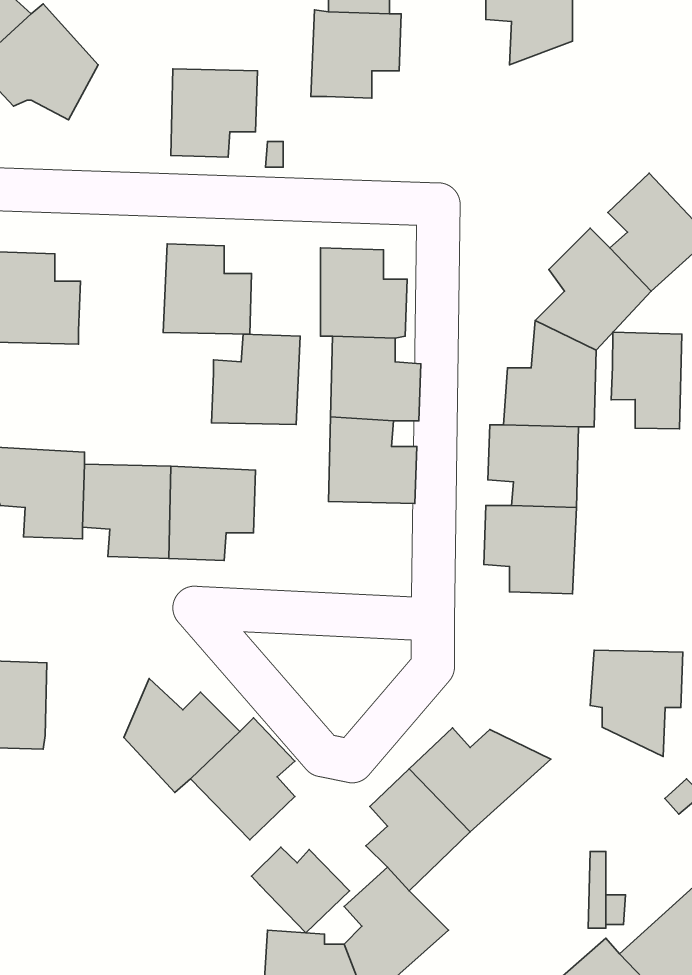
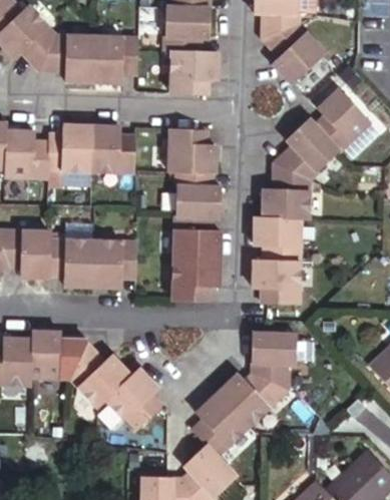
building: none -> [267,23,324,83]
building: none -> [42,35,95,81]
building: none -> [171,51,218,95]
building: [611,332,682,429] -> none
building: [212,334,300,425] -> [47,125,92,171]
building: none -> [173,258,219,302]
building: none -> [30,332,83,378]
building: [590,650,683,757] -> [251,335,298,389]
building: [251,847,350,933] -> none

